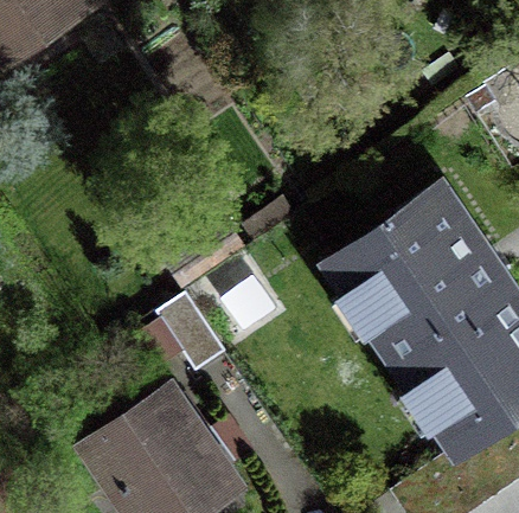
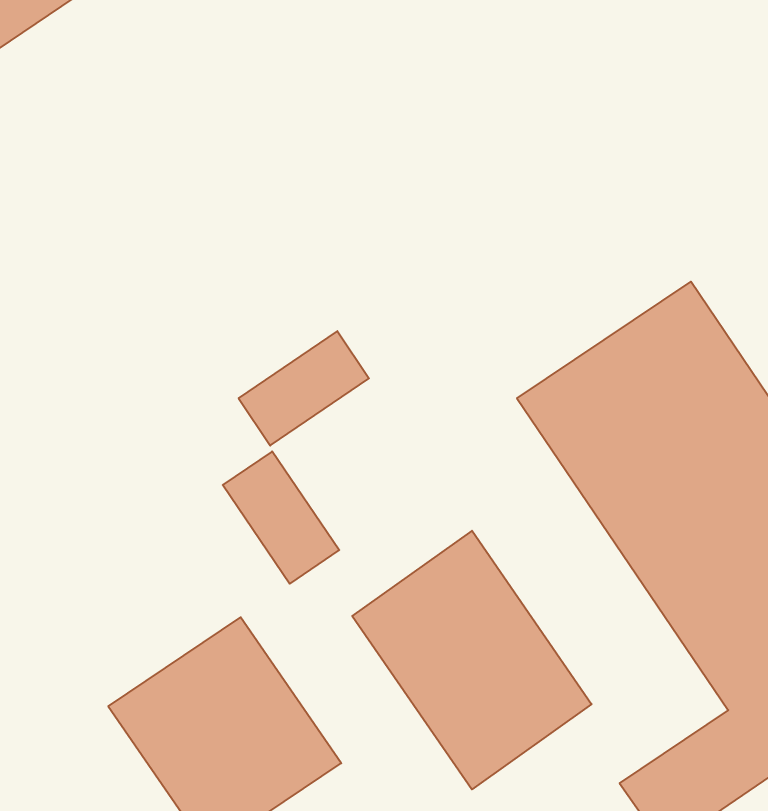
building: none -> [352,531,592,789]

